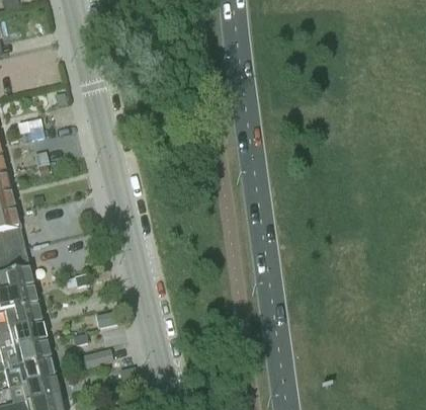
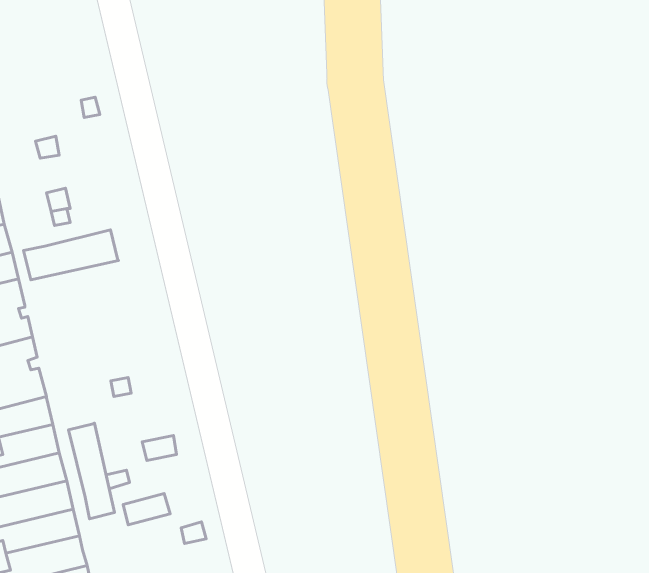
building: none -> [24,230,118,280]
building: none -> [68,423,115,519]

